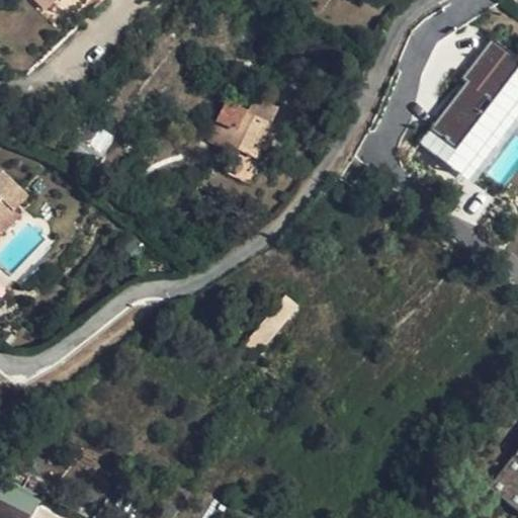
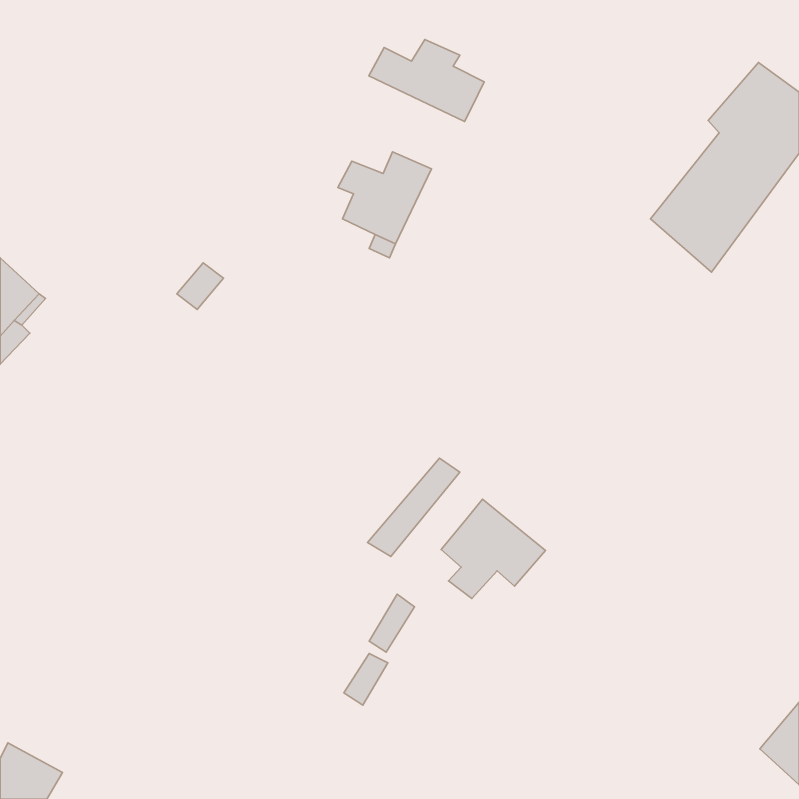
building: none -> [369,39,484,122]
building: none -> [441,499,545,598]

